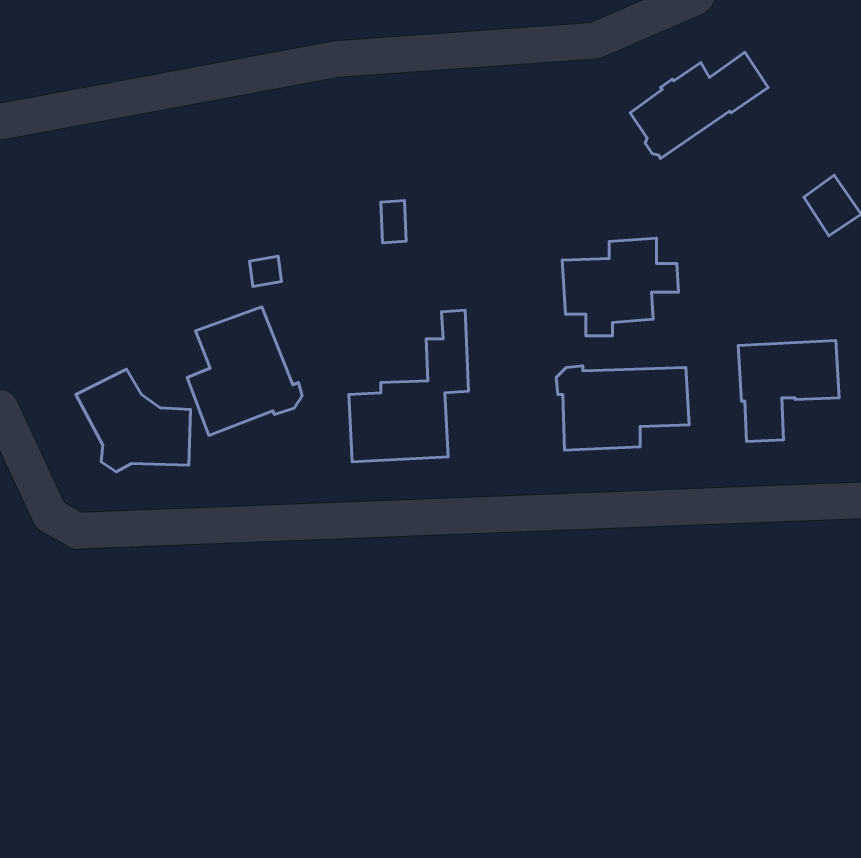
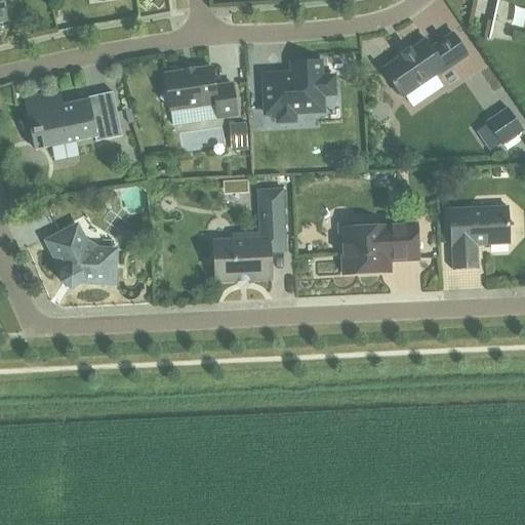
building: none -> [160,67,237,123]
building: none -> [26,91,122,148]
building: [562,238,678,336] -> [264,60,334,120]
building: [187,307,302,435] -> none

